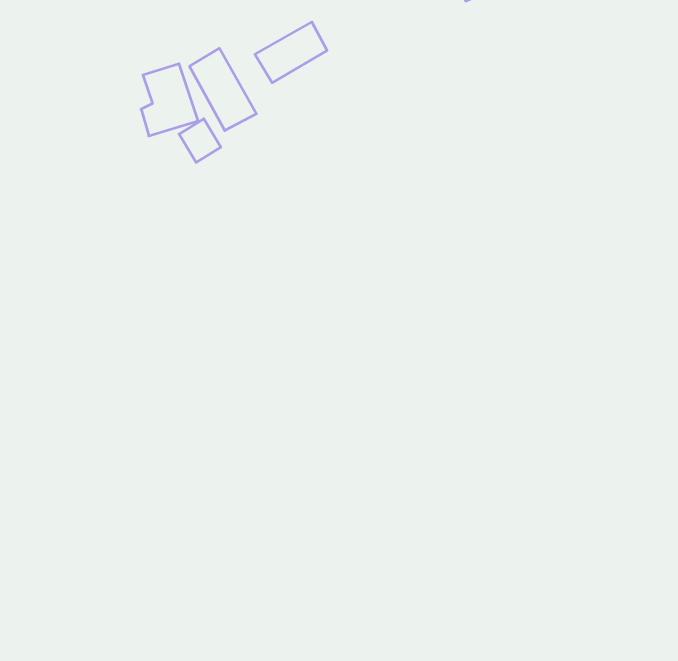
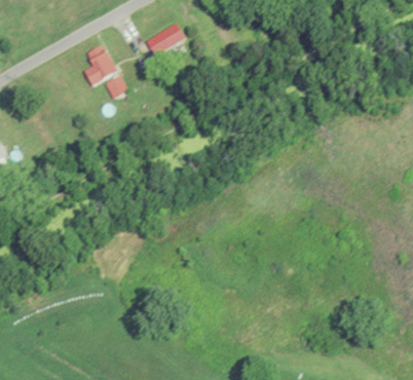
building: [190,48,256,131] -> none

